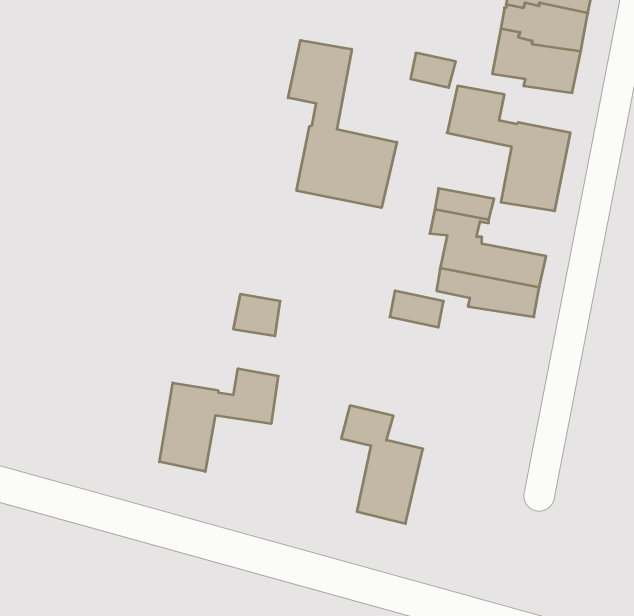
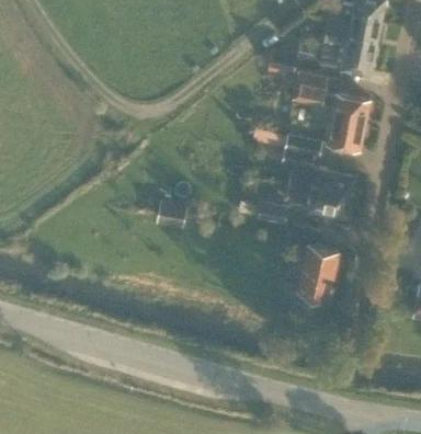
building: [288,40,397,208] -> none
building: [159,369,278,472] -> none
building: [341,406,423,524] -> [288,222,340,297]

